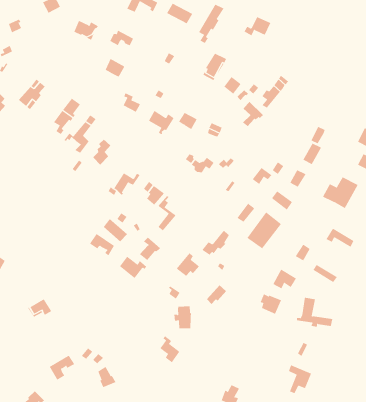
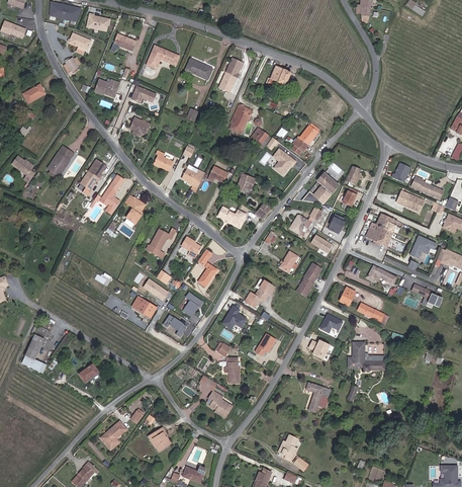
building: none -> [299,170,334,202]
building: [288,365,312,394] -> [304,382,329,411]

